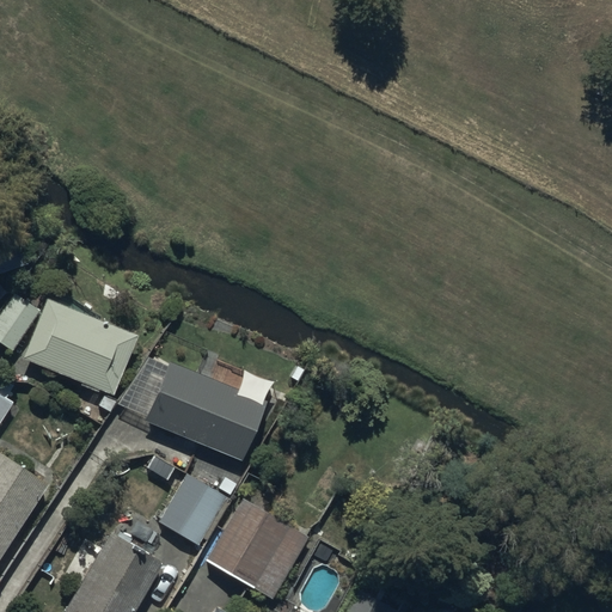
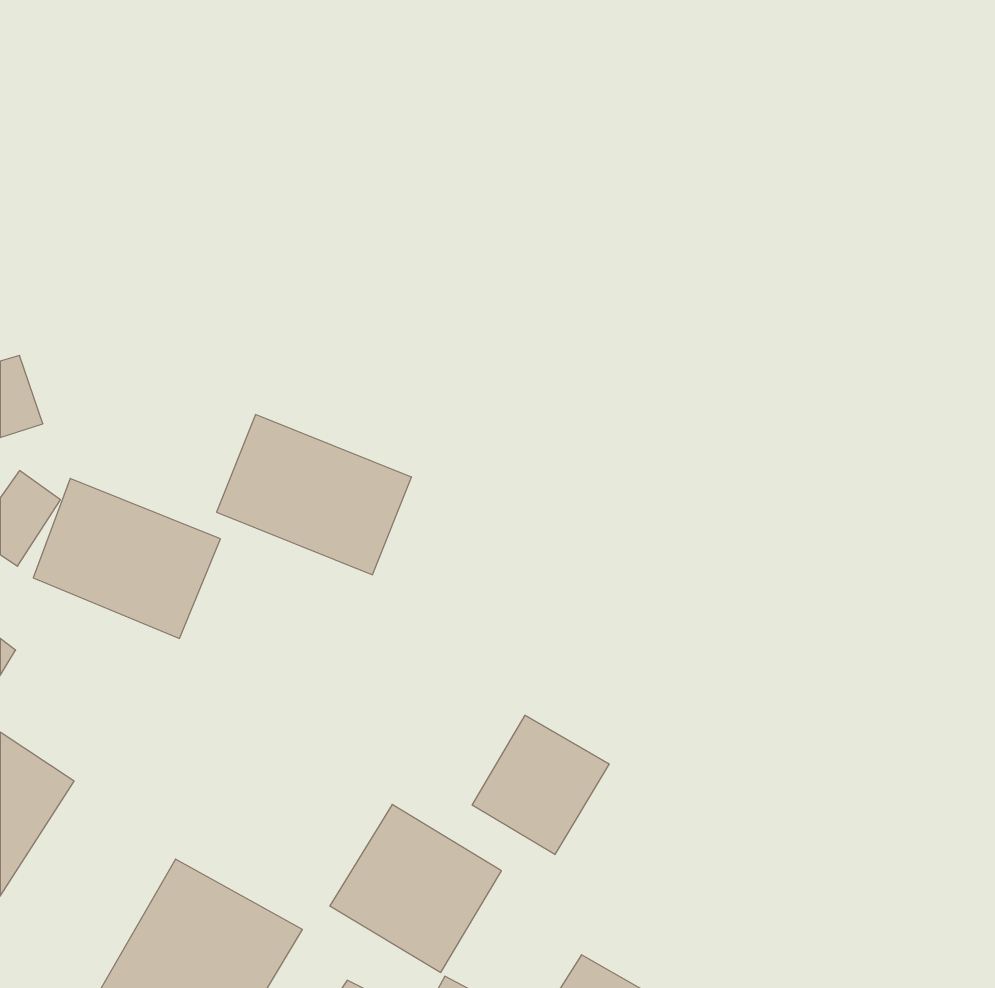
building: [143,362,263,460] -> [217,415,412,575]
building: none -> [472,715,609,855]
building: [158,475,226,547] -> none

